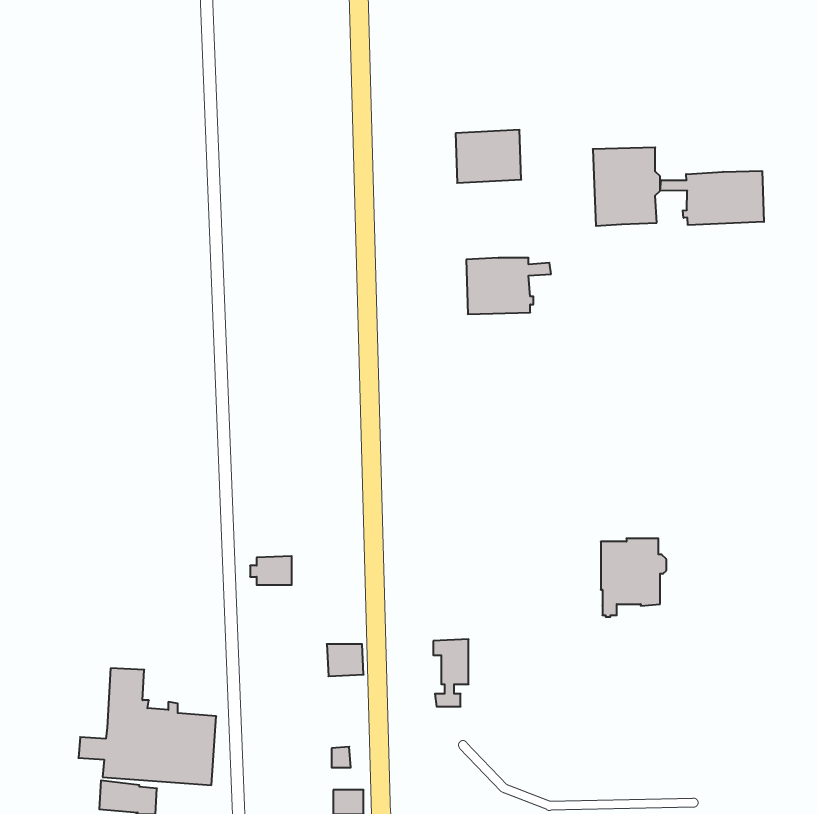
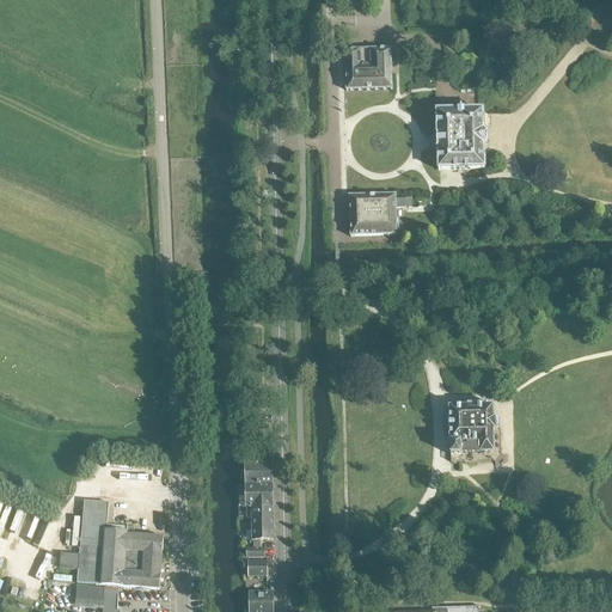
building: [456,130,521,183] -> [348,47,397,86]
building: [660,171,764,225] -> none
building: [250,556,292,585] -> [239,459,270,481]
building: [433,639,469,707] -> [245,503,271,553]

